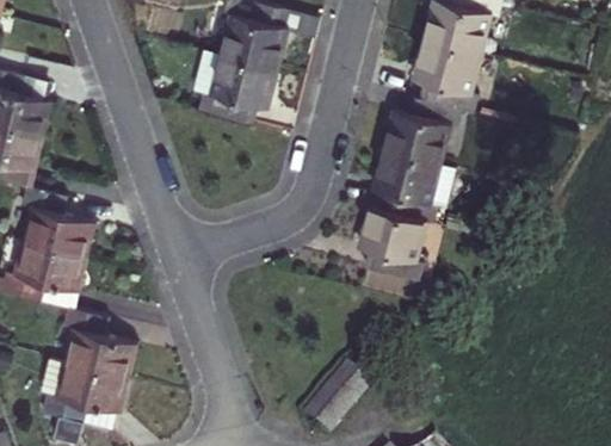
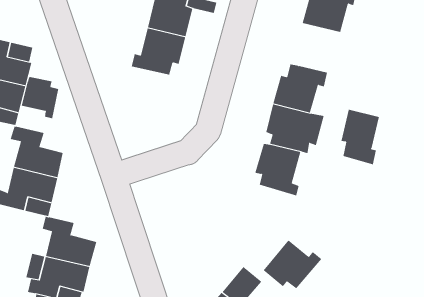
building: [413,41,477,112] -> none
building: none -> [21,76,59,119]
building: none -> [341,109,379,165]
building: none -> [263,239,322,289]

